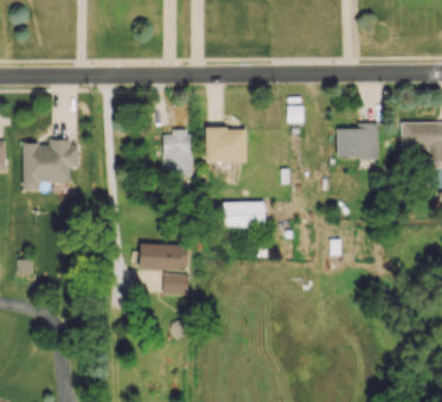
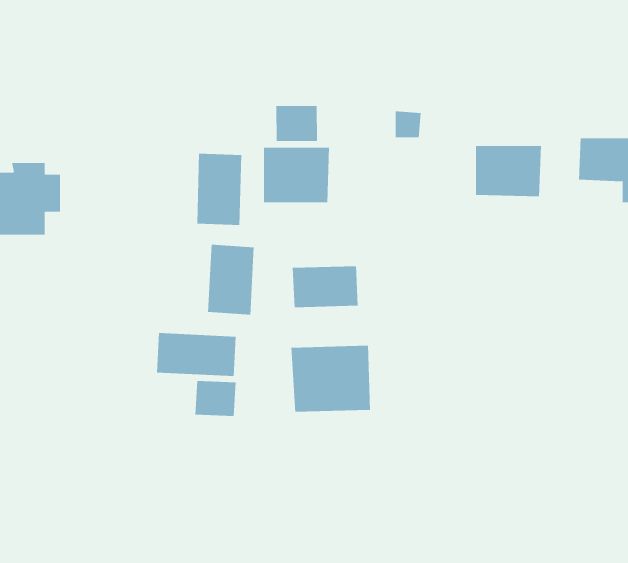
building: none -> [276,105,318,142]
building: none -> [208,244,254,315]
building: none -> [291,345,370,413]

